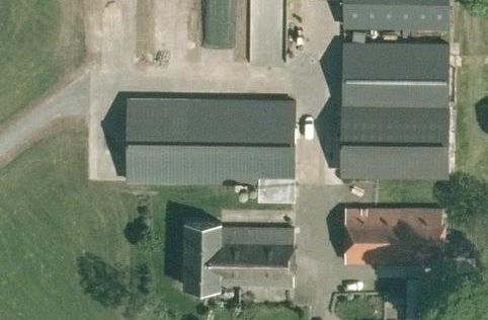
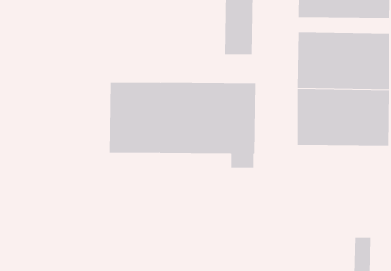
building: [343,209,440,263] -> none
building: [183,222,294,287] -> none

